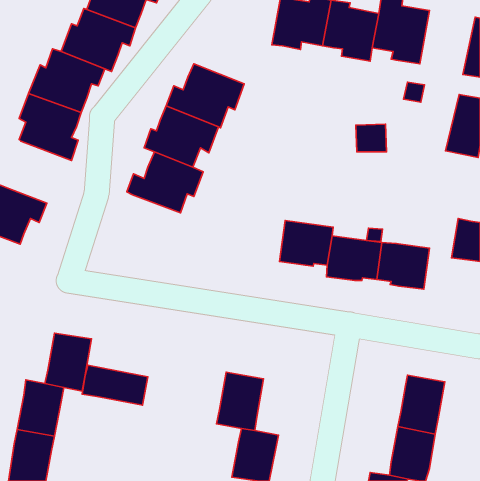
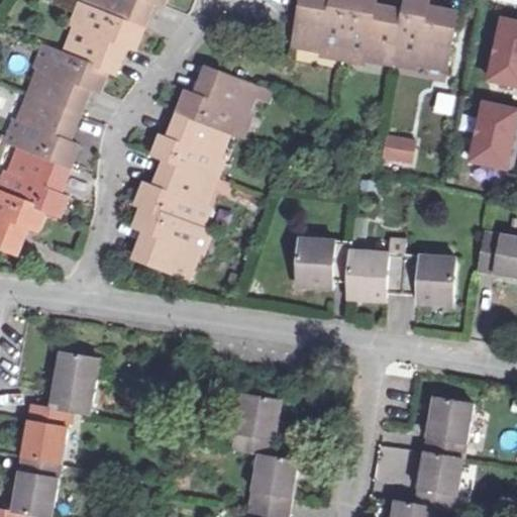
building: none -> [10,149,76,220]
building: none -> [132,206,201,279]
building: [82,365,148,405] -> none

